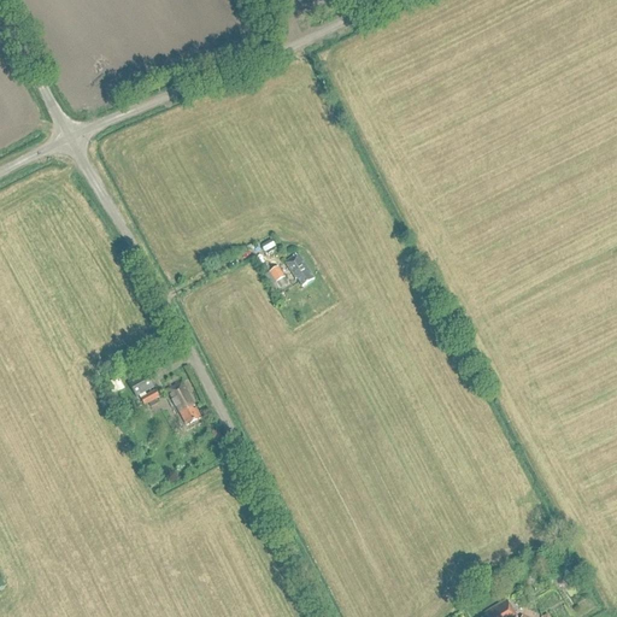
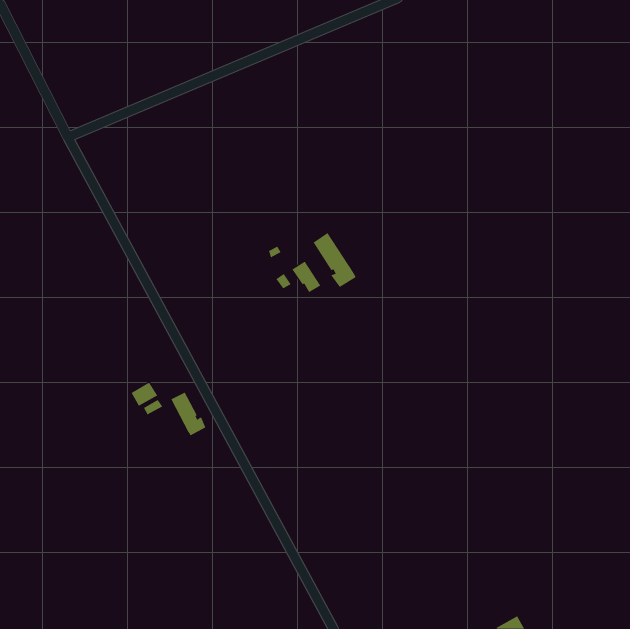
building: none -> [313,232,356,288]

